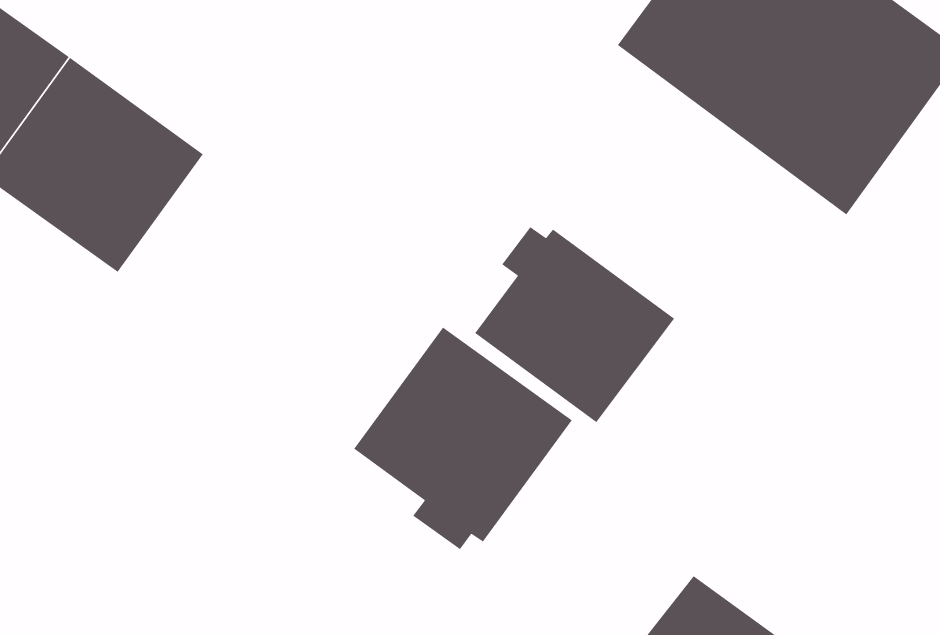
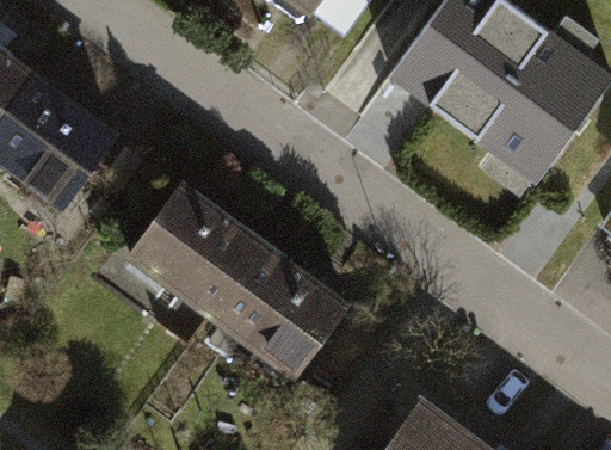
building: [474,226,675,423] -> none
building: none -> [138,187,279,326]

